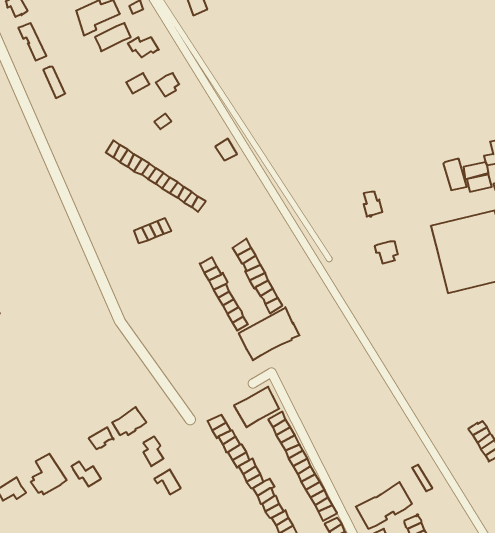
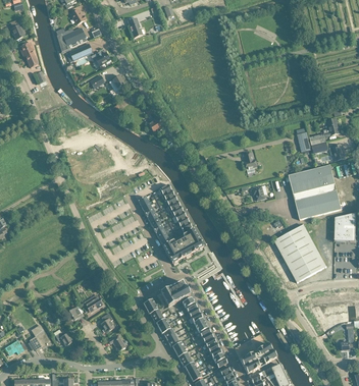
building: none -> [274,224,326,282]

